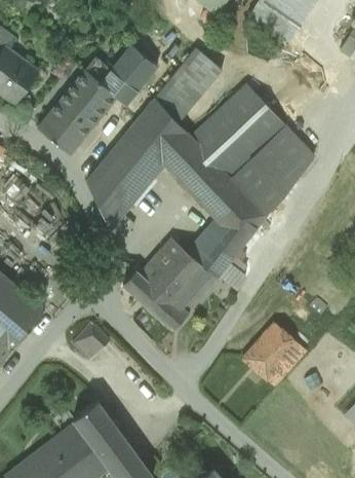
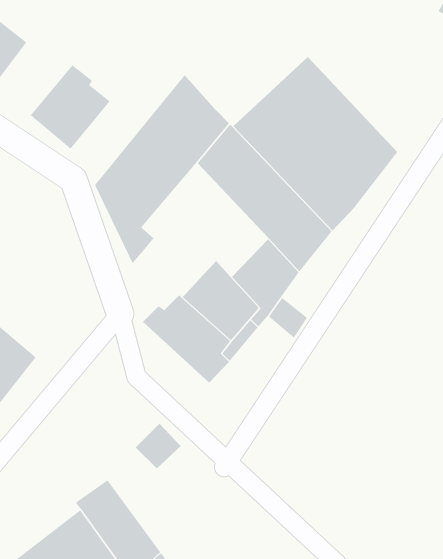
building: [70,47,154,118] -> none
building: [154,50,221,123] -> none
building: [243,324,306,387] -> none
building: [73,325,108,360] -> [135,423,181,469]

